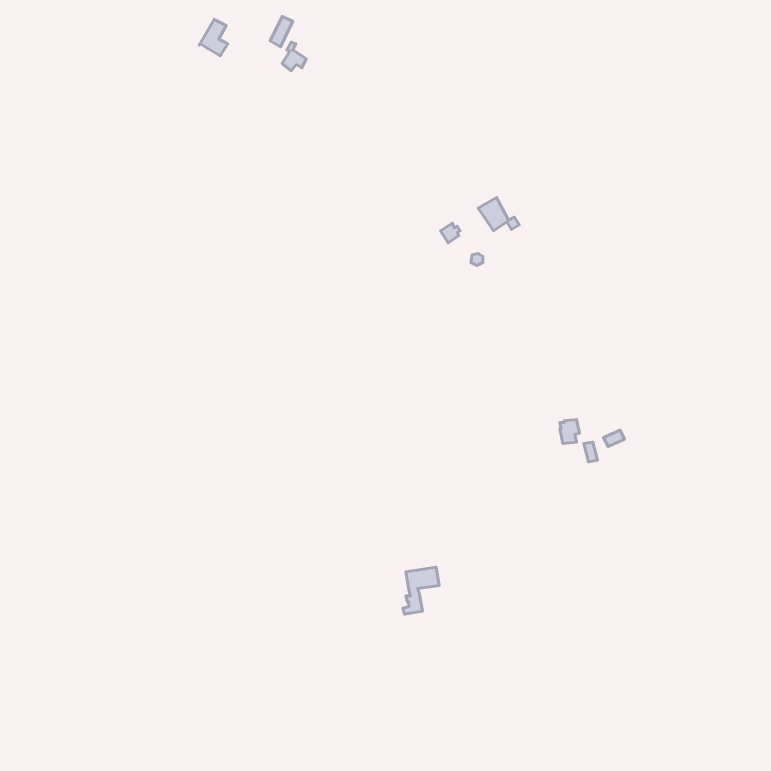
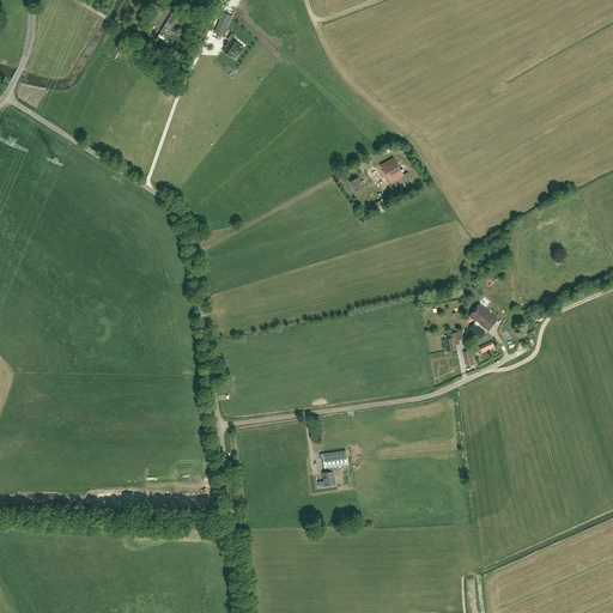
building: none -> [468,304,498,339]

